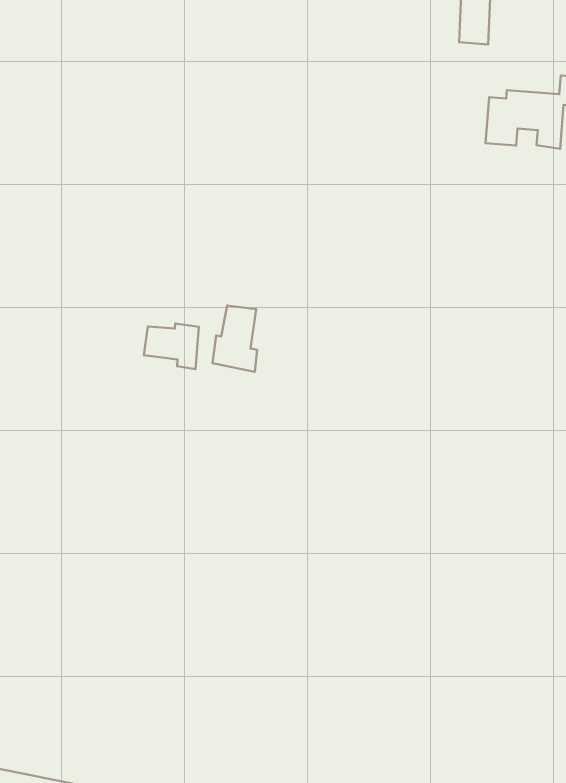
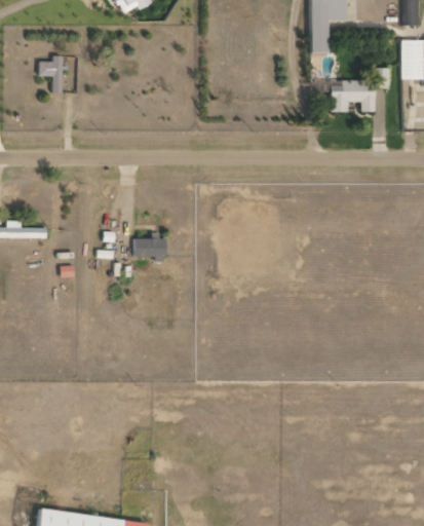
building: none -> [38,55,62,93]
building: [213,305,257,372] -> none

